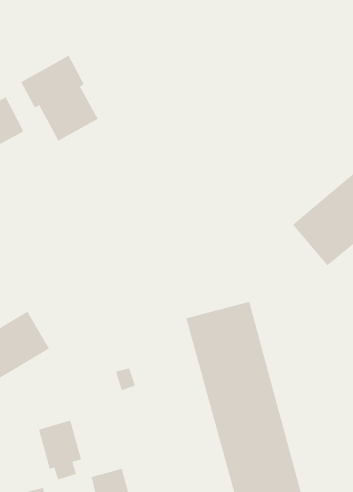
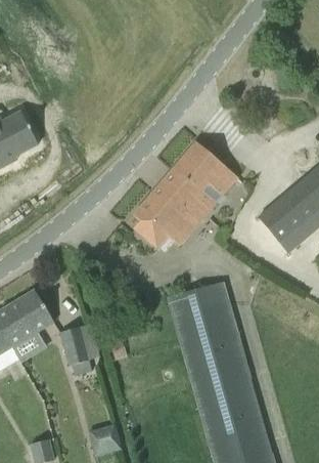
building: [20,55,98,142] -> none
building: none -> [134,141,239,246]
building: [38,420,82,480] -> [60,324,97,375]

